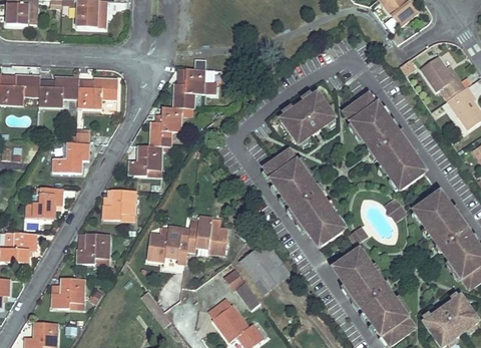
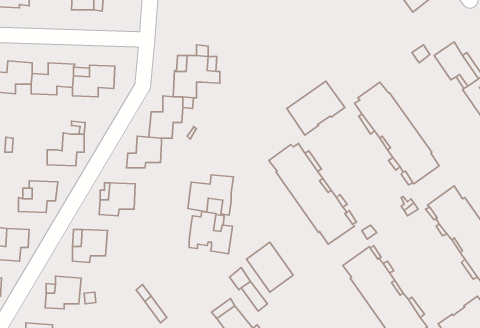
building: [146,226,189,264] -> [188,175,233,215]

